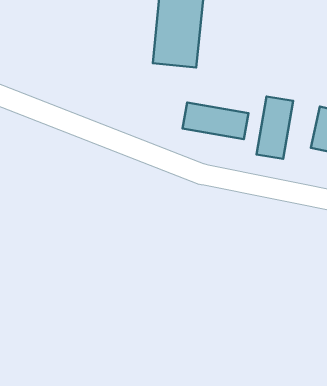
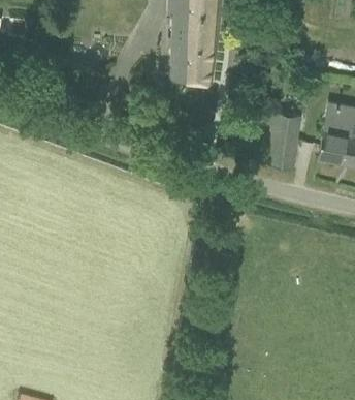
building: [183,103,248,139] -> none

